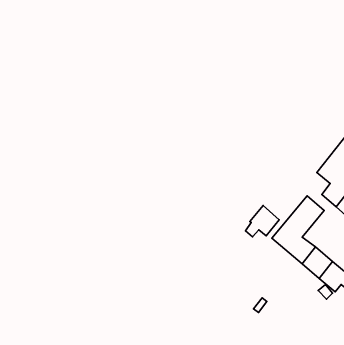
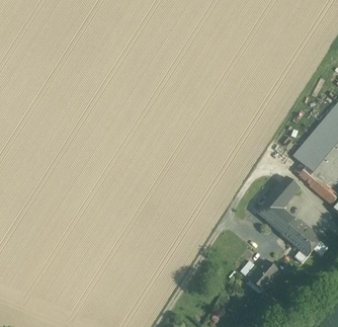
building: [245,205,279,237] -> none
building: none -> [249,260,280,293]

